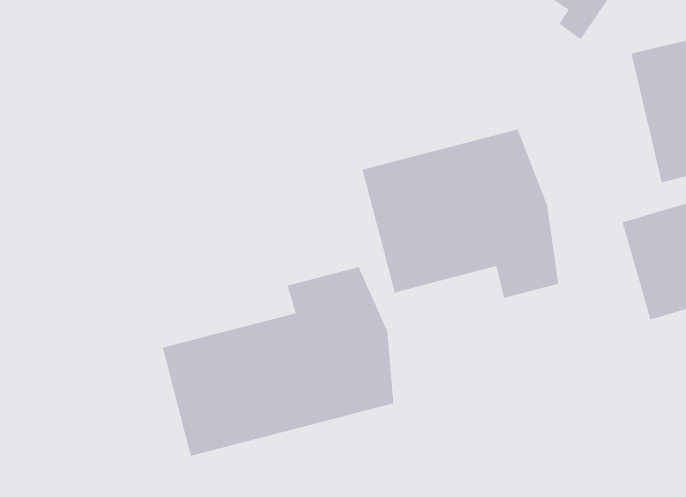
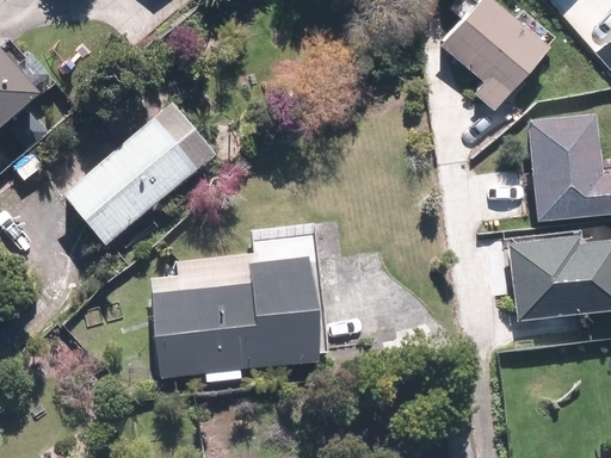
building: none -> [66,100,218,243]
building: [362,129,559,299] -> none

